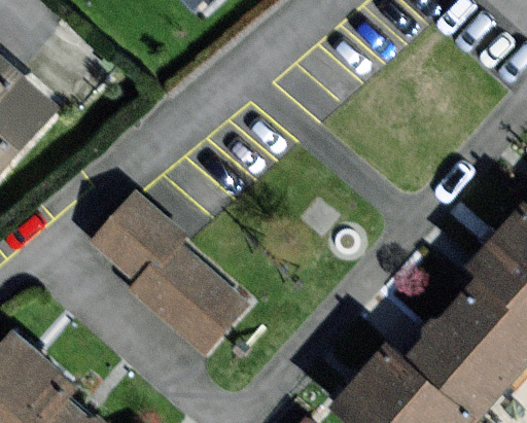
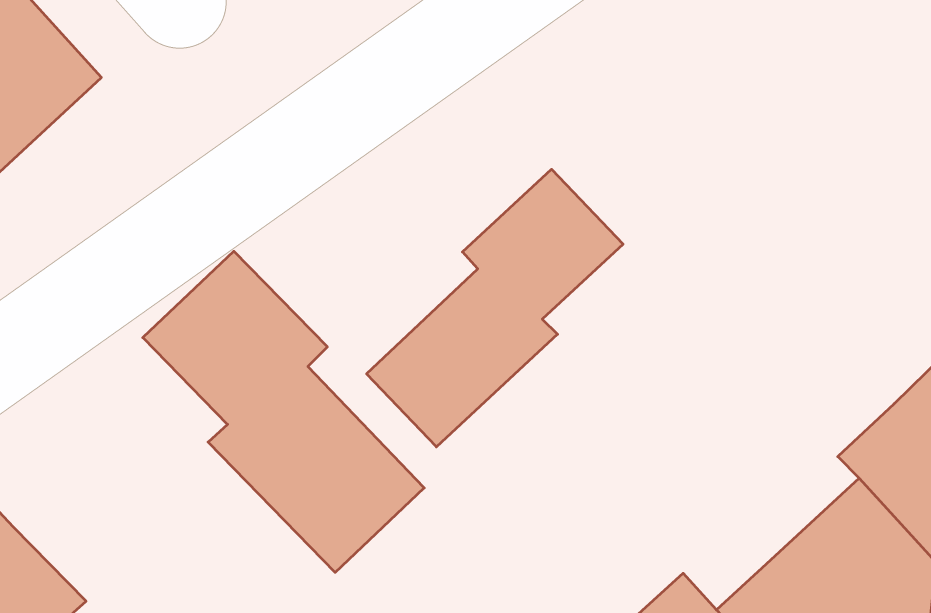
building: none -> [367,169,623,447]

